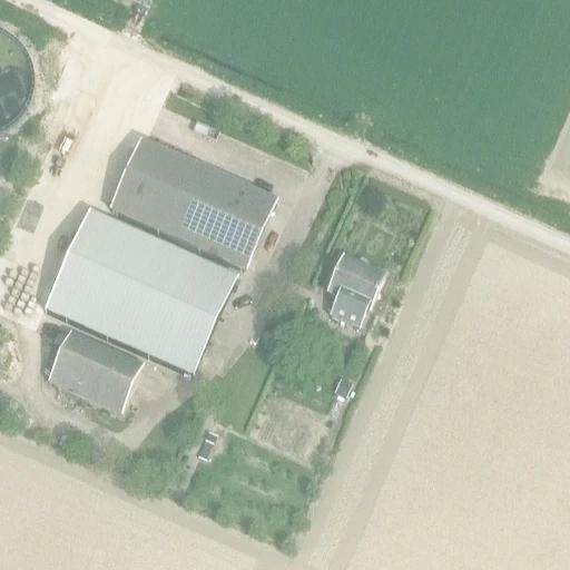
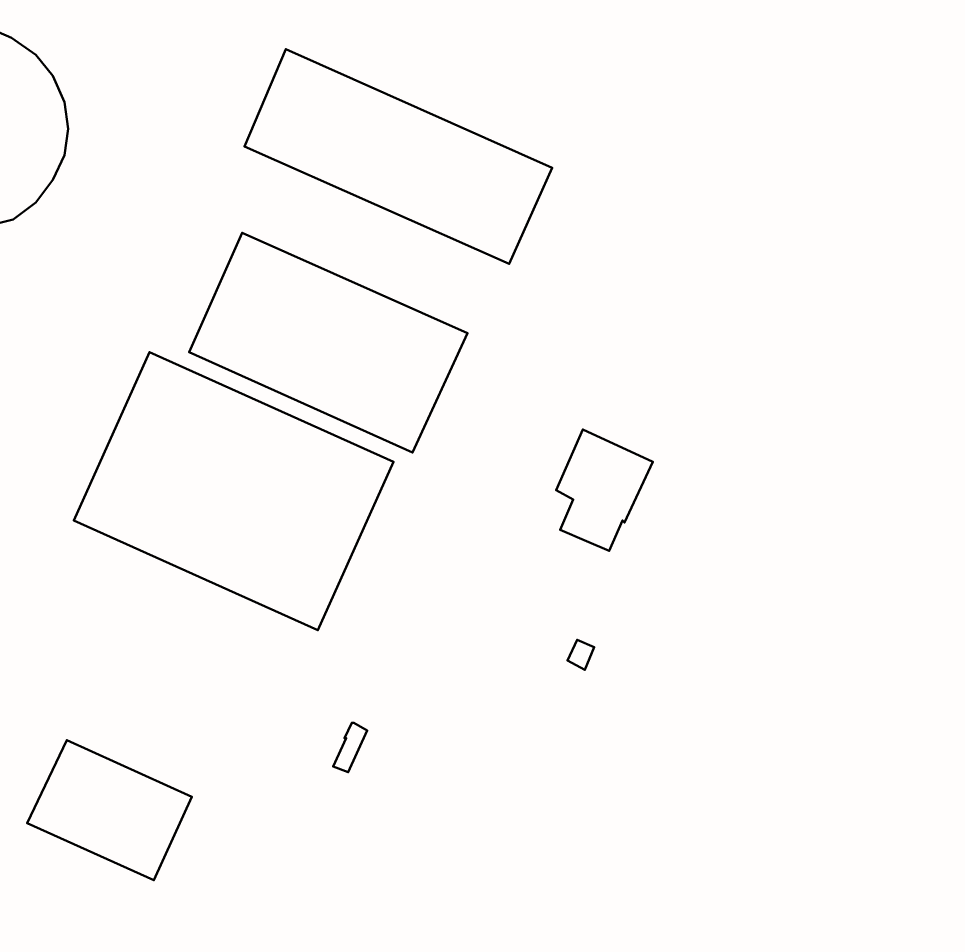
building: none -> [244,49,552,264]
building: [47,327,144,410] -> [27,740,192,880]

